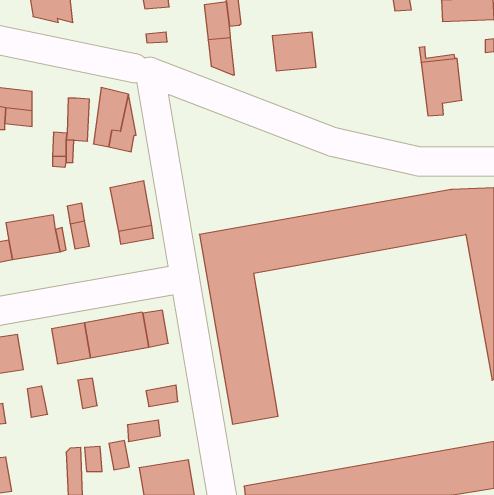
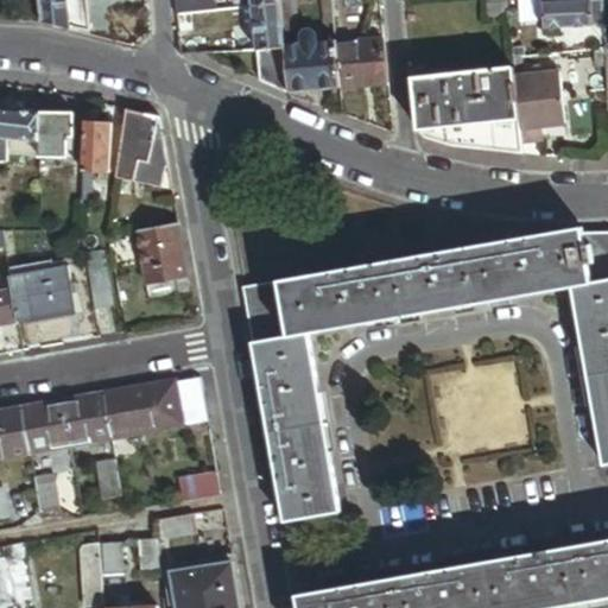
building: none -> [281,30,337,91]
building: none -> [410,66,519,152]
building: none -> [39,112,71,163]
building: none -> [21,401,70,451]

